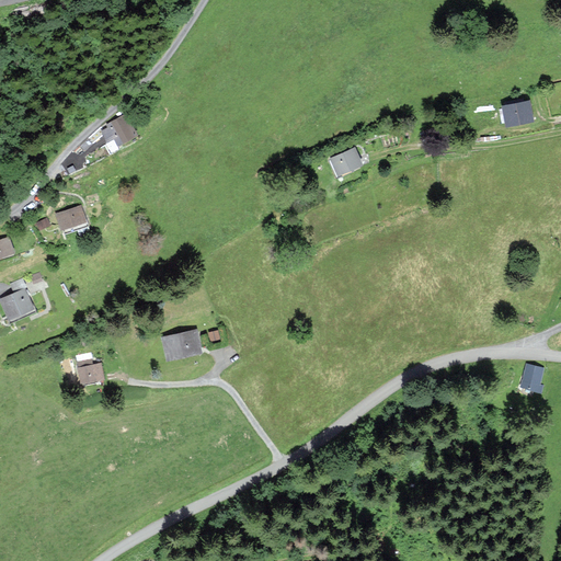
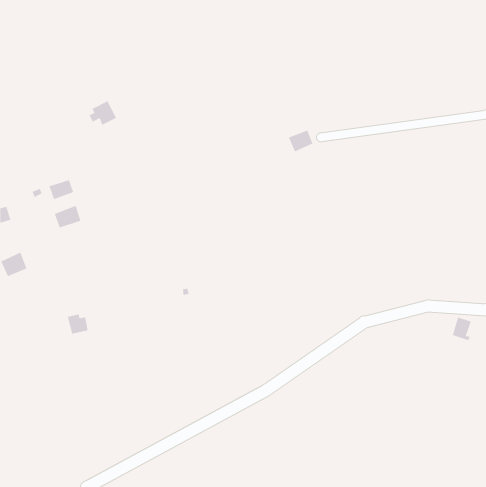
building: [503,102,531,126] -> none
building: none -> [54,205,82,228]
building: [161,330,199,359] -> none

